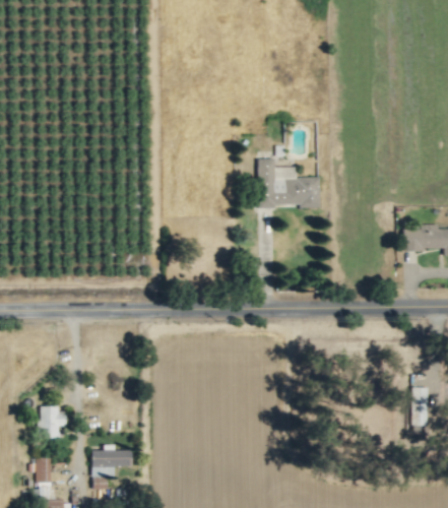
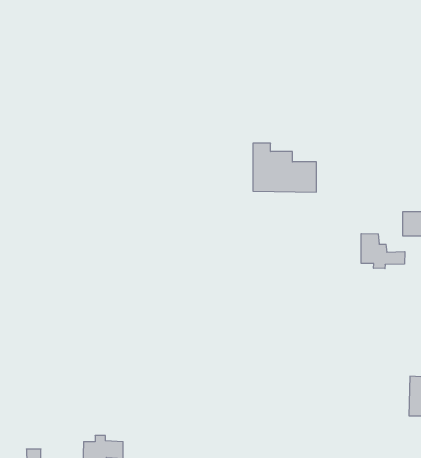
building: none -> [361,234,405,269]
building: [41,406,67,437] -> none

